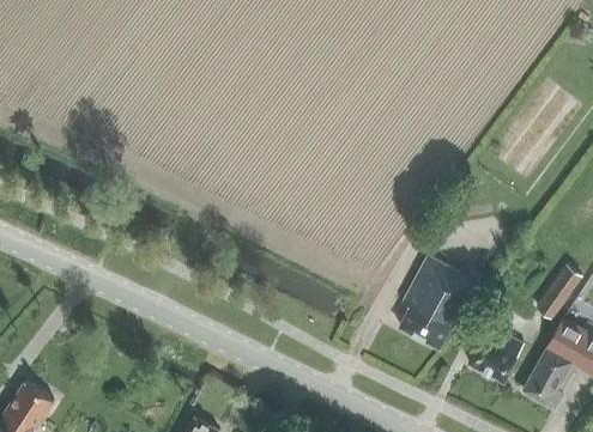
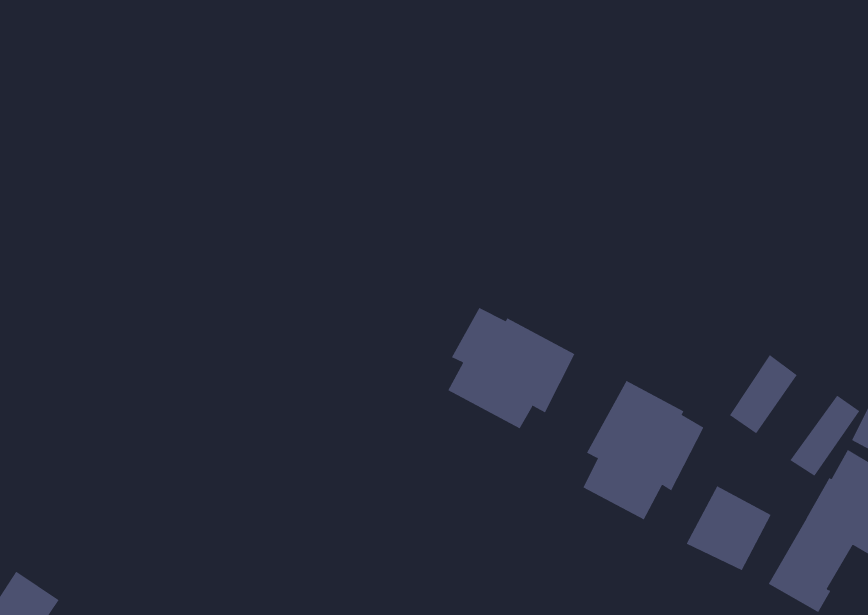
building: none -> [447,307,575,429]
building: none -> [729,354,797,434]

